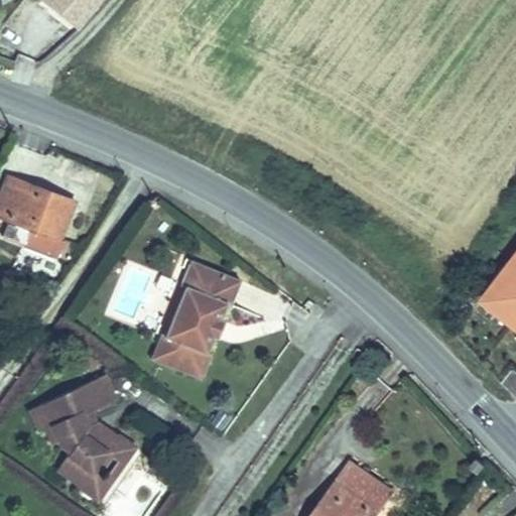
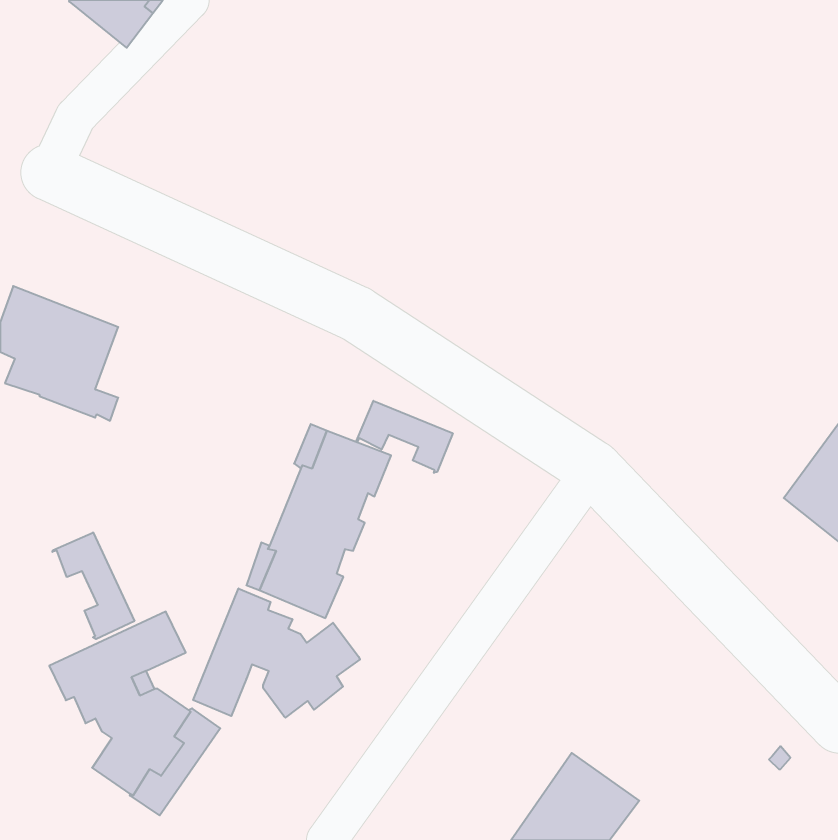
building: none -> [356,401,453,473]
building: none -> [52,532,134,639]
building: none -> [193,588,360,718]

